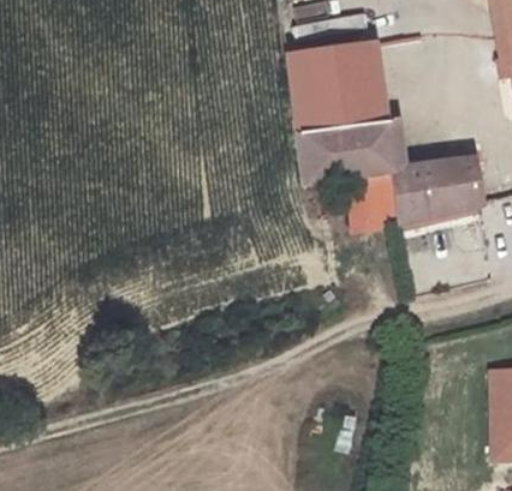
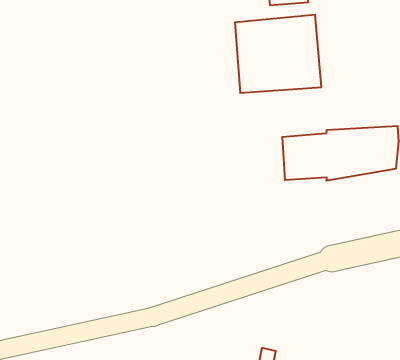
building: [298,121,395,185] -> none

